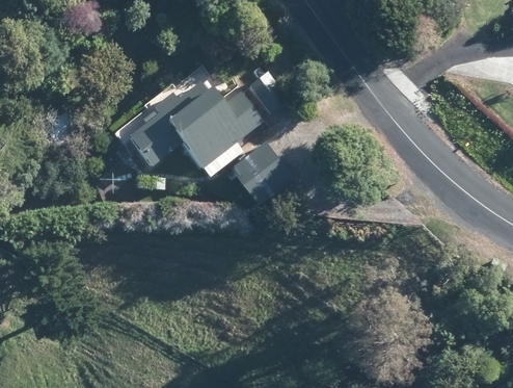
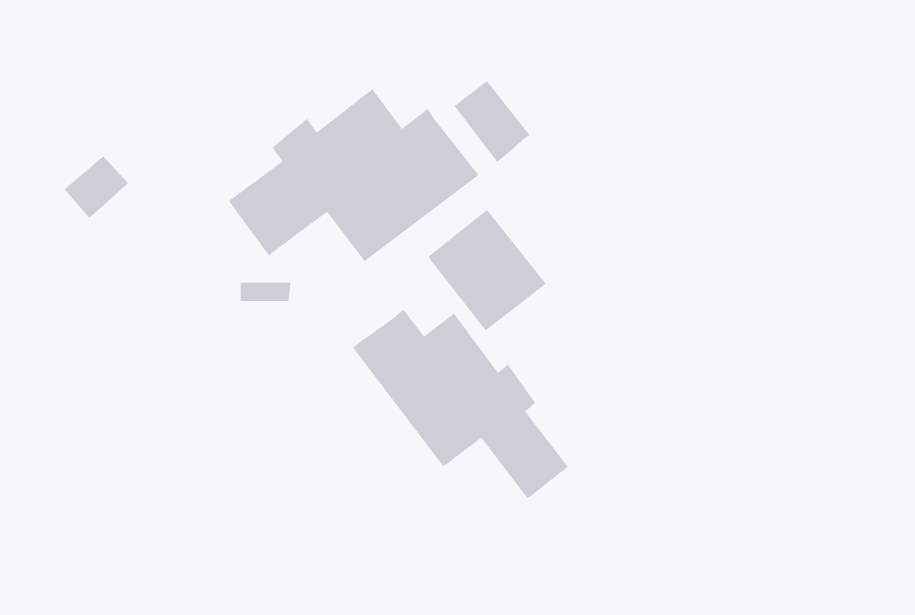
building: none -> [352,308,569,499]

